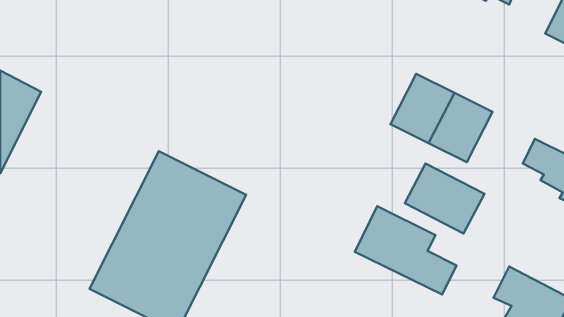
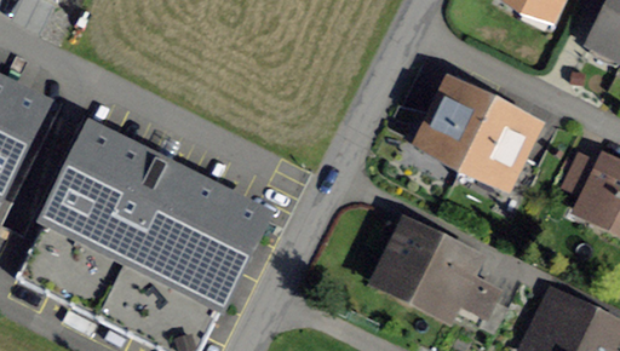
building: none -> [16,125,172,315]
building: [405,164,484,233] -> none

